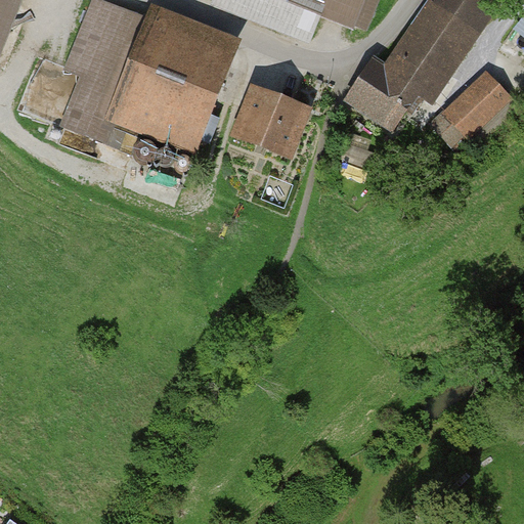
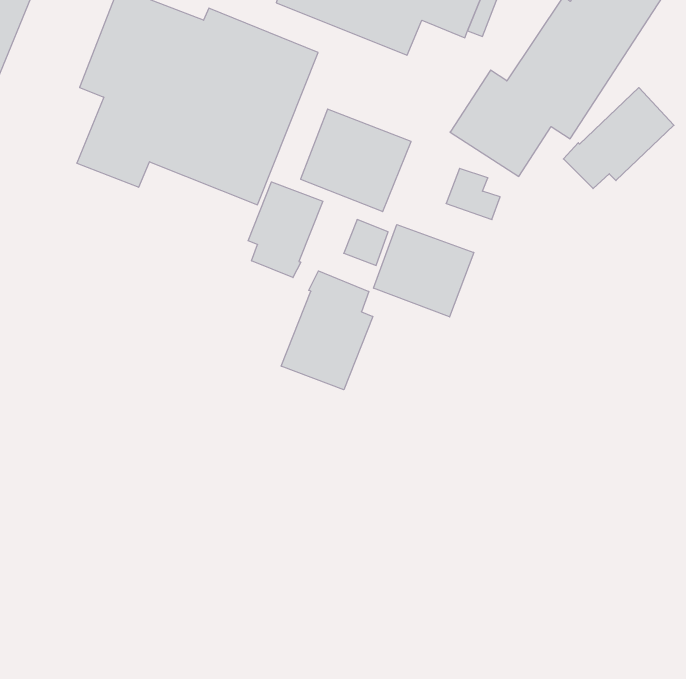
building: none -> [248,182,323,278]
building: none -> [374,225,474,317]
building: none -> [281,271,373,390]

